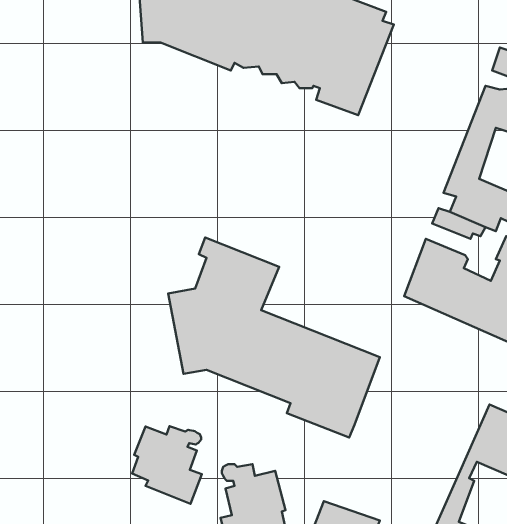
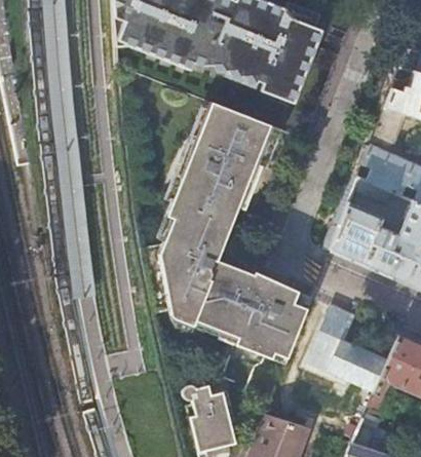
building: none -> [173,102,283,226]
building: none -> [293,299,401,390]
building: [132,426,202,504] -> none

